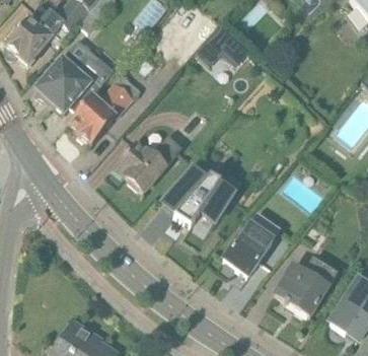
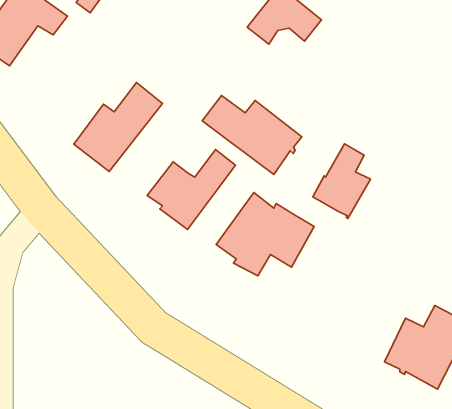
building: [36,50,112,111] -> none
building: none -> [202,95,302,174]
building: [224,222,266,275] -> [313,144,371,219]

